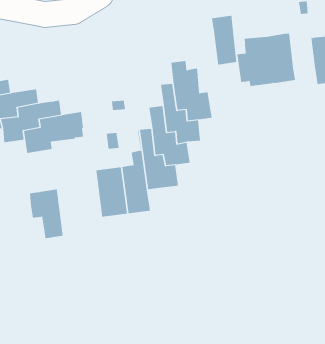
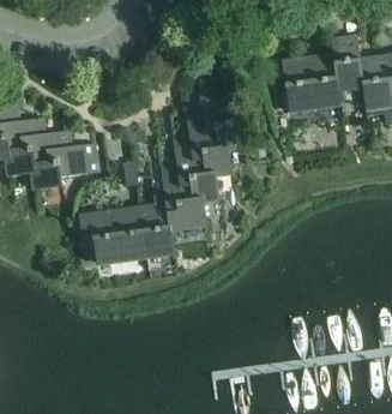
building: [211,15,237,65] -> [332,35,362,92]
building: [29,189,64,239] -> [79,210,119,268]

